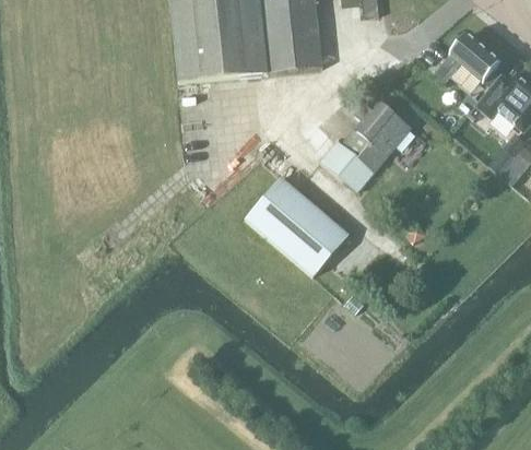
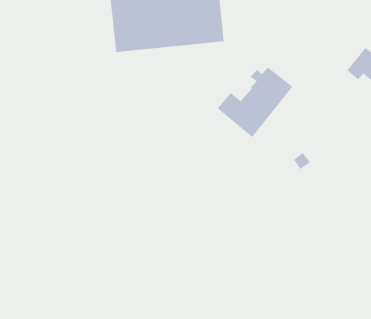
building: [437,34,502,82] -> none
building: [245,177,347,276] -> none

